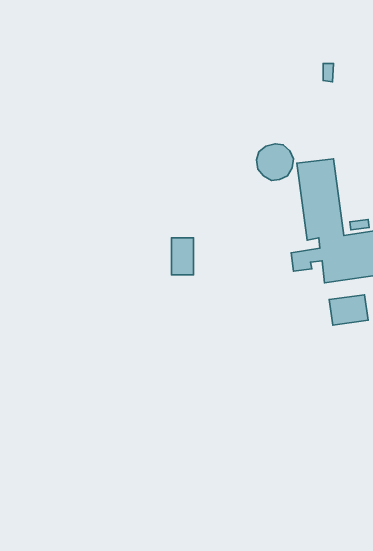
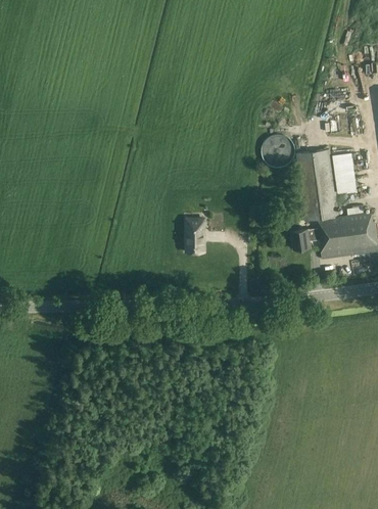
building: none -> [331,152,356,193]
building: [329,295,368,325] -> none

